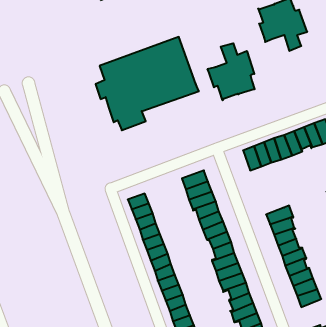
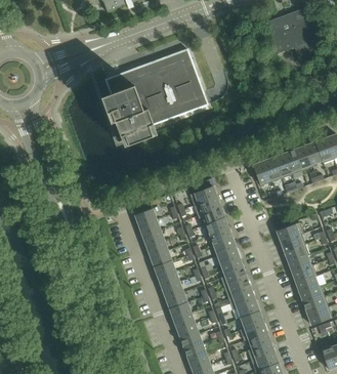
building: [208,43,255,100] -> none

